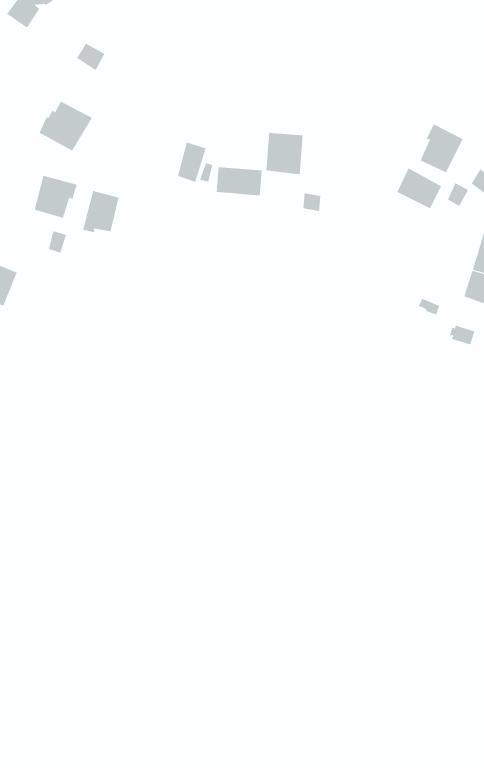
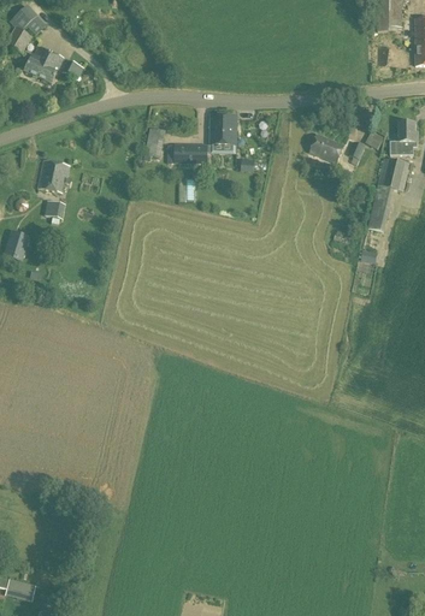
building: [39,101,93,151] -> [24,45,64,82]
building: [420,124,463,173] -> none
building: [82,190,119,233] -> none

